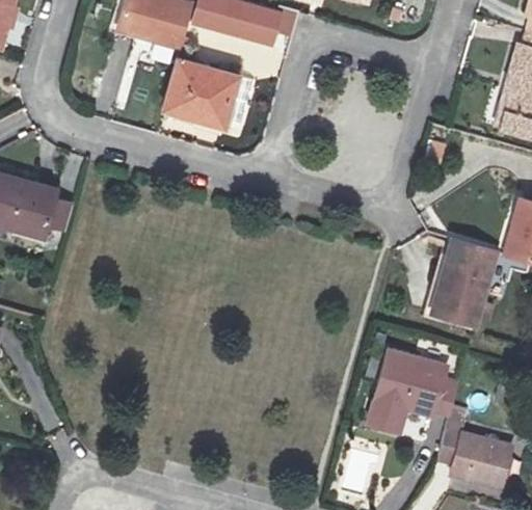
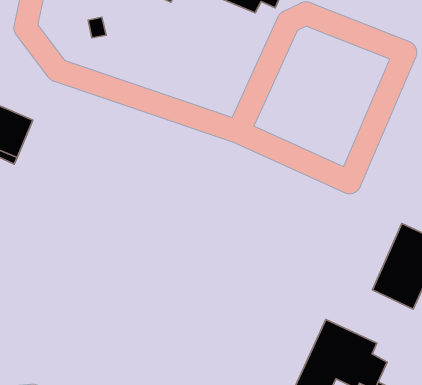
building: [164,58,238,125] -> none

